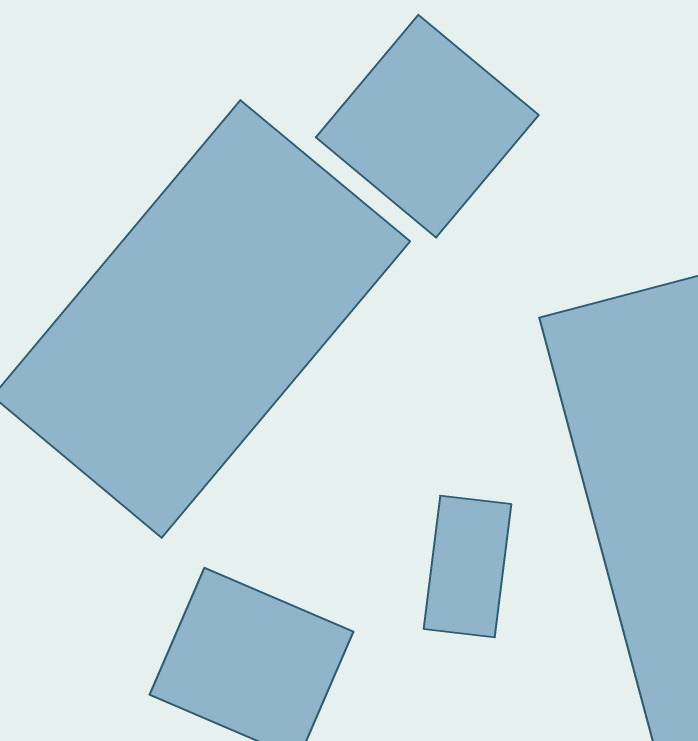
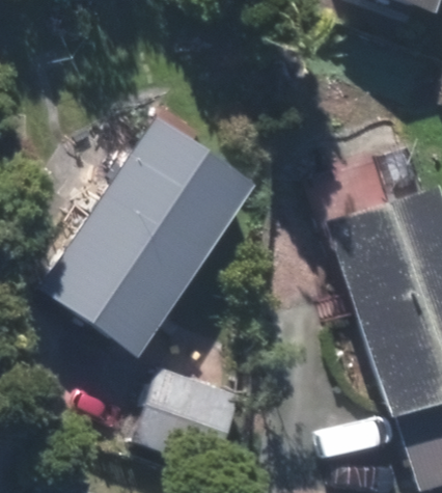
building: [316,15,539,238] -> none

